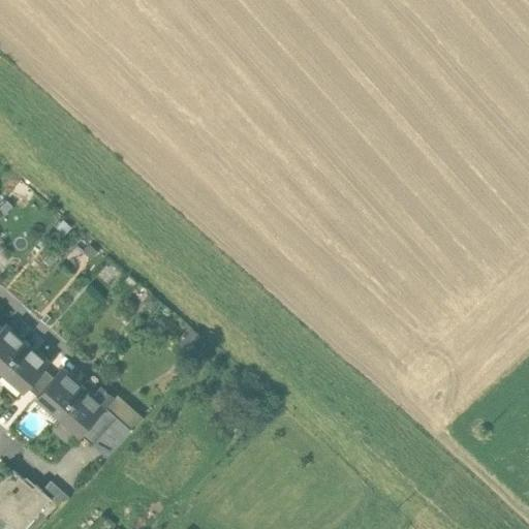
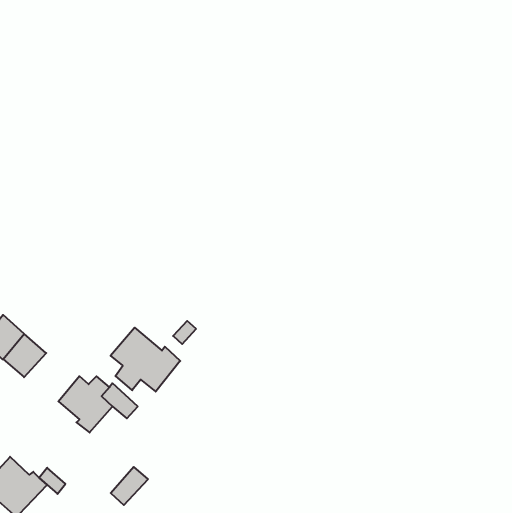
building: none -> [111,328,180,392]
building: [37,369,82,413] -> none
building: [92,418,130,458] -> [111,467,148,505]

